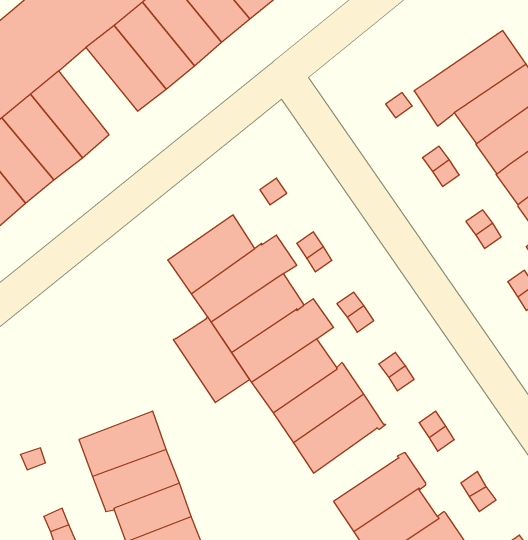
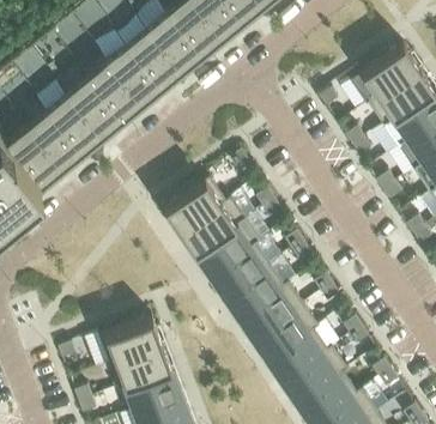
building: none -> [86,59,143,121]
building: [173,317,250,403] -> none
building: none -> [268,331,329,383]

